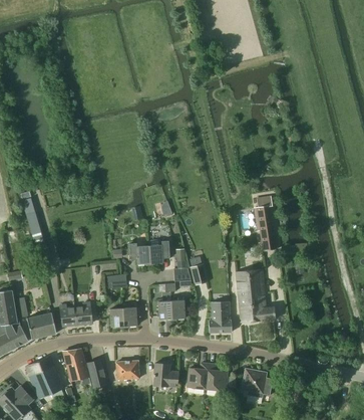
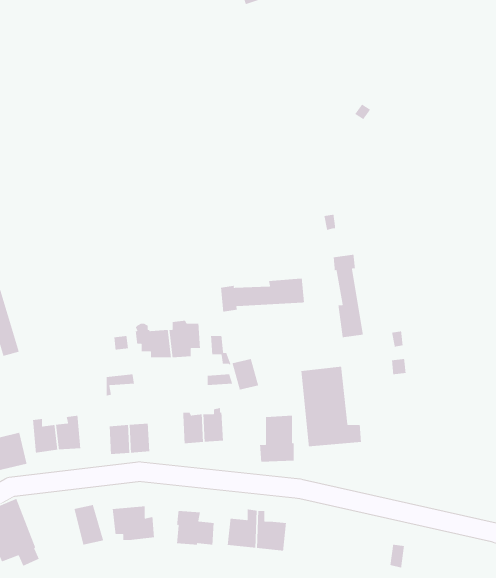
building: none -> [220,277,305,312]
building: [62,349,90,385] -> none
building: [240,368,273,398] -> none

